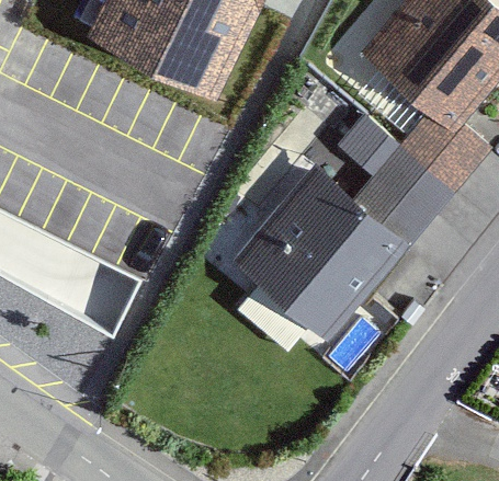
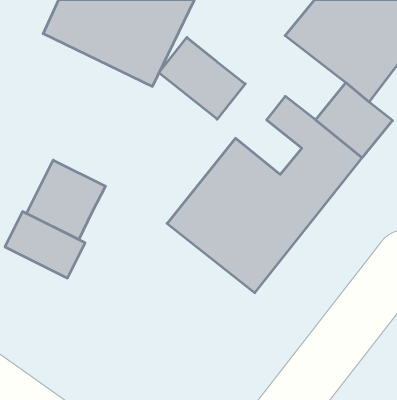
building: none -> [159,37,245,119]
building: none -> [26,160,105,240]

